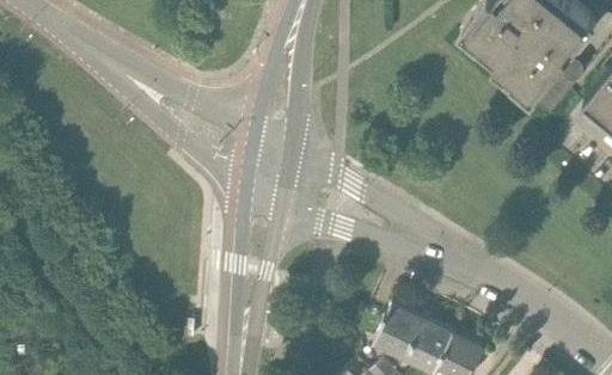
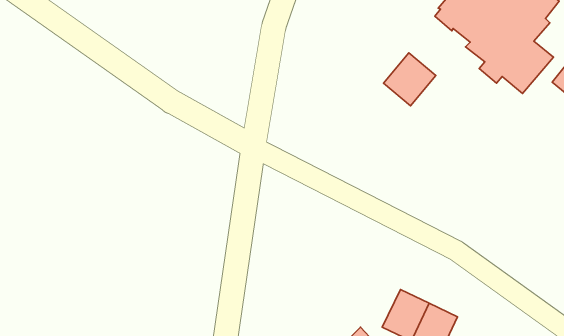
building: none -> [384,53,436,106]
building: [374,303,426,358] -> none

